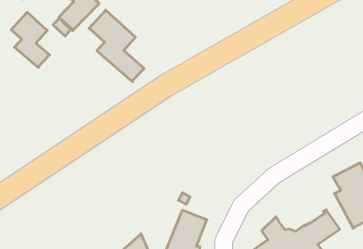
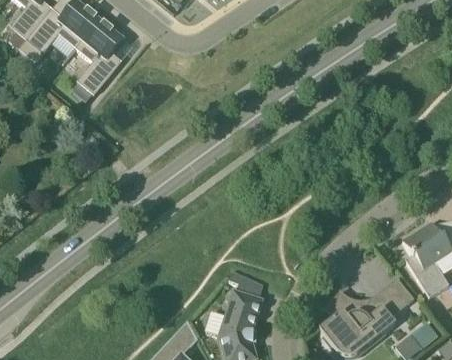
building: [89,10,144,82] -> none
building: [11,12,50,68] -> none

